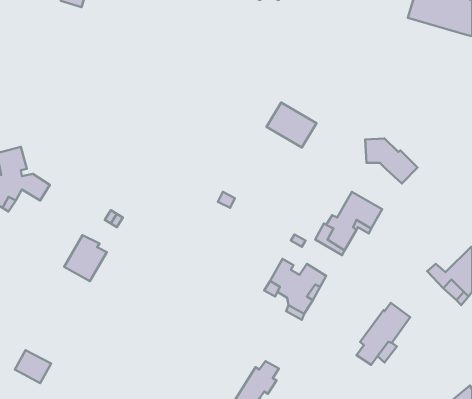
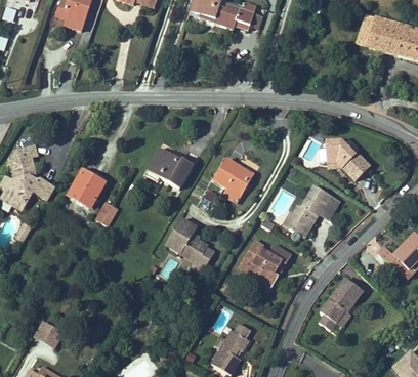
building: [267,103,316,148] -> [213,163,255,201]
building: none -> [148,153,192,191]
building: none -> [165,221,207,266]
building: [64,235,107,281] -> [71,168,107,207]

